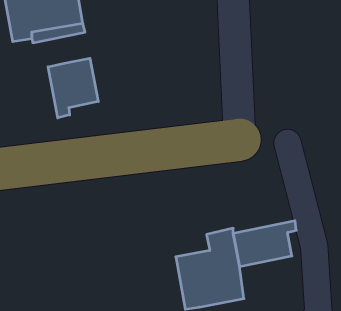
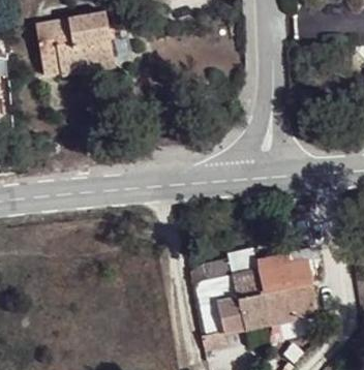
building: [48,58,98,118] -> none
building: none -> [264,283,320,325]

